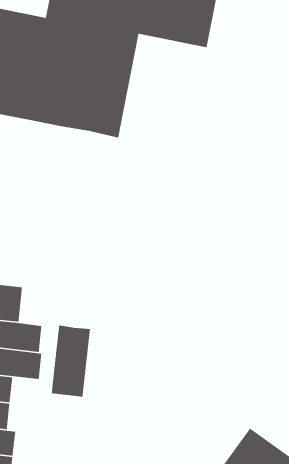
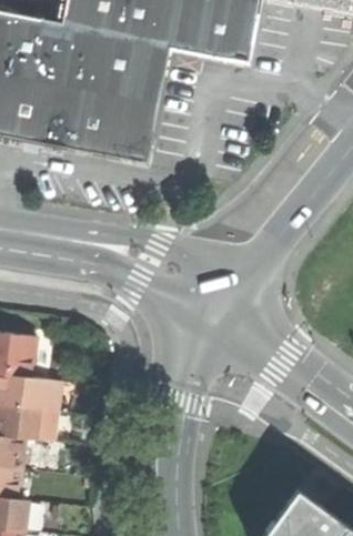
building: [51,325,91,398] -> none

